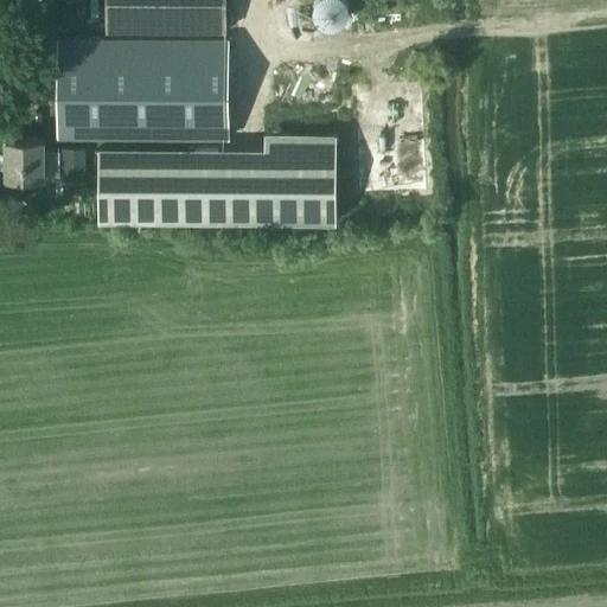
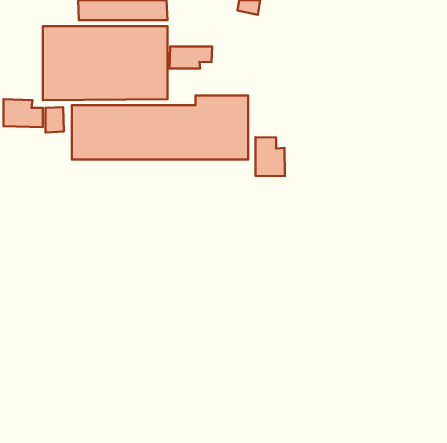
building: none -> [170,46,212,69]
building: none -> [255,137,285,176]

